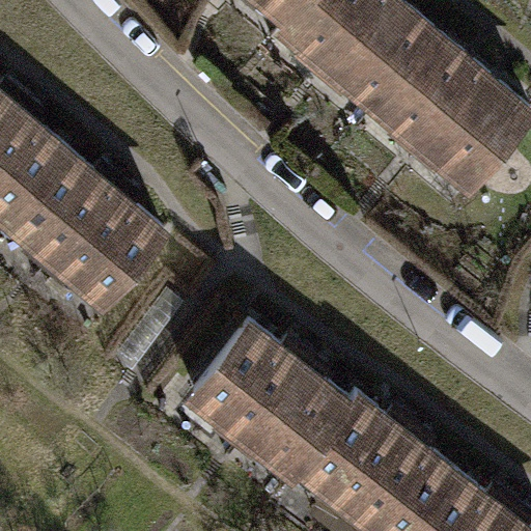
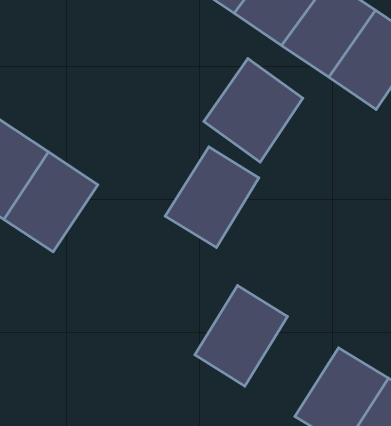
building: none -> [204,58,303,162]
building: [192,320,298,430] -> [165,147,259,247]
building: [295,399,400,508] -> none

